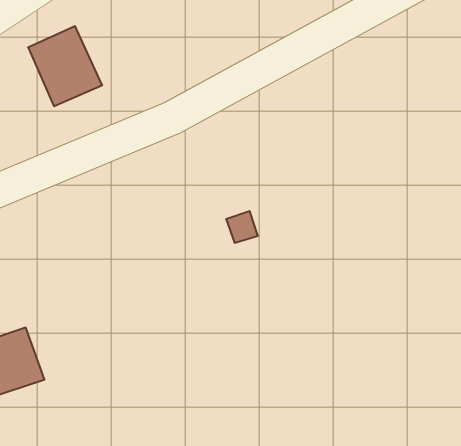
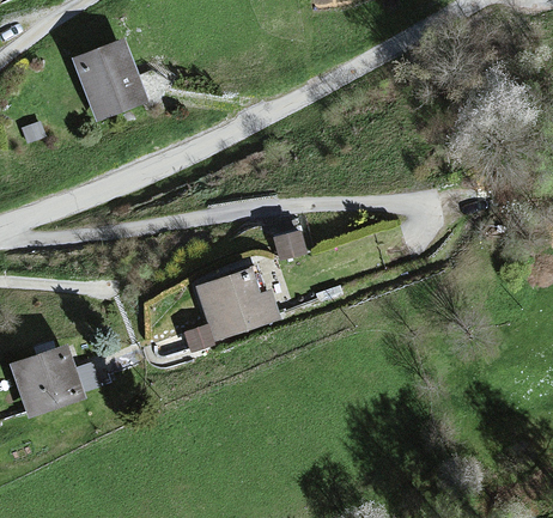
building: none -> [195,263,272,336]

